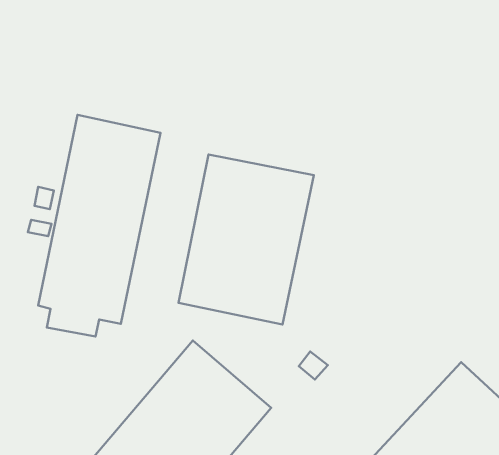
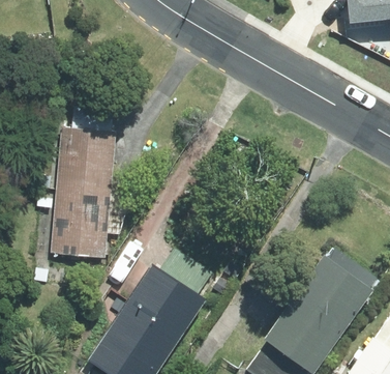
building: [178,155,314,324] -> none

